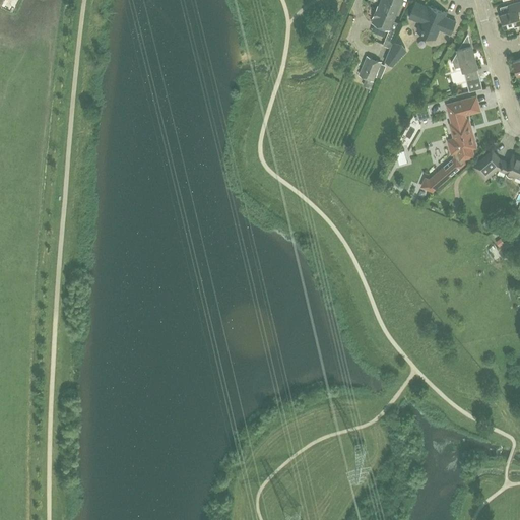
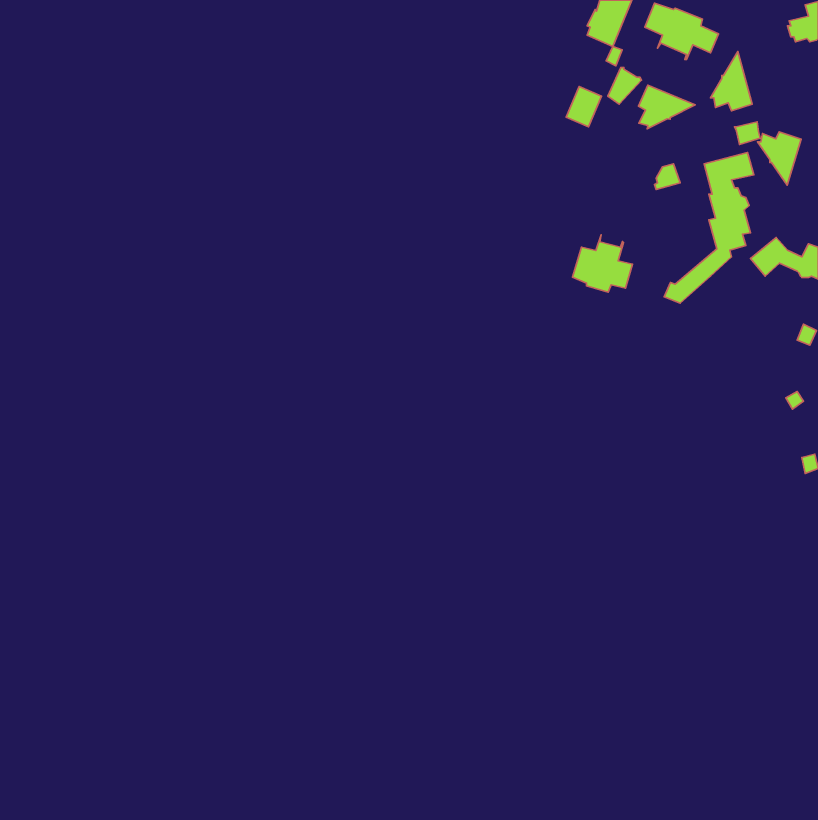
building: none -> [639,85,695,129]
building: none -> [758,132,801,185]
building: none -> [572,235,633,292]

